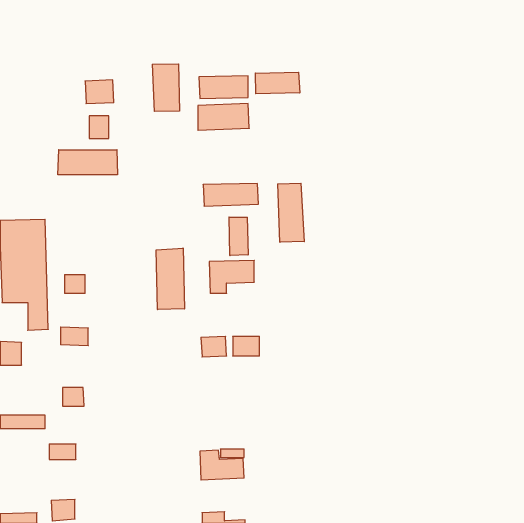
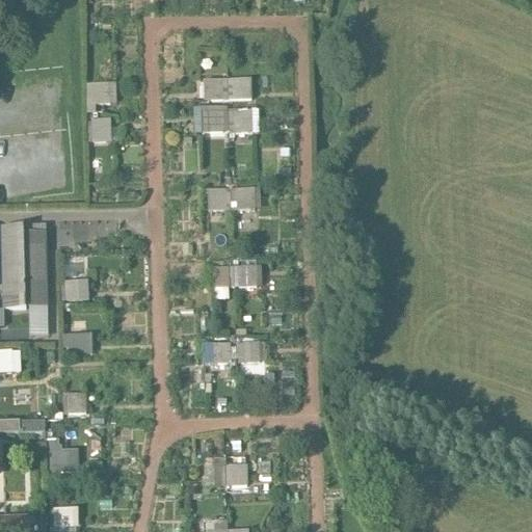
building: [152,64,179,111] -> none
building: [255,72,300,94] -> none
building: [58,150,117,175] -> none
building: [278,183,304,242] -> none
building: [229,217,248,256] -> none
building: [156,248,184,310] -> none

